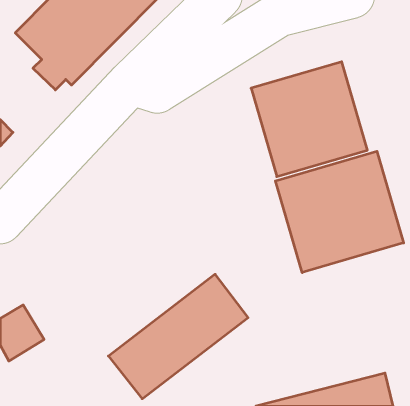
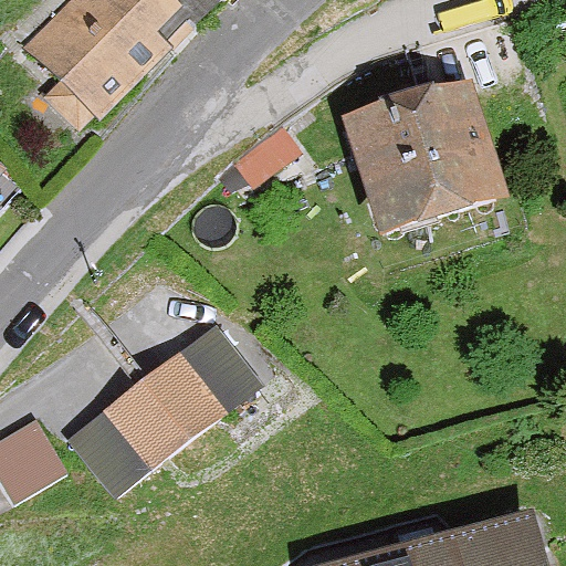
building: [275,151,404,273] -> none
building: [108,274,248,399] -> [70,325,262,496]

